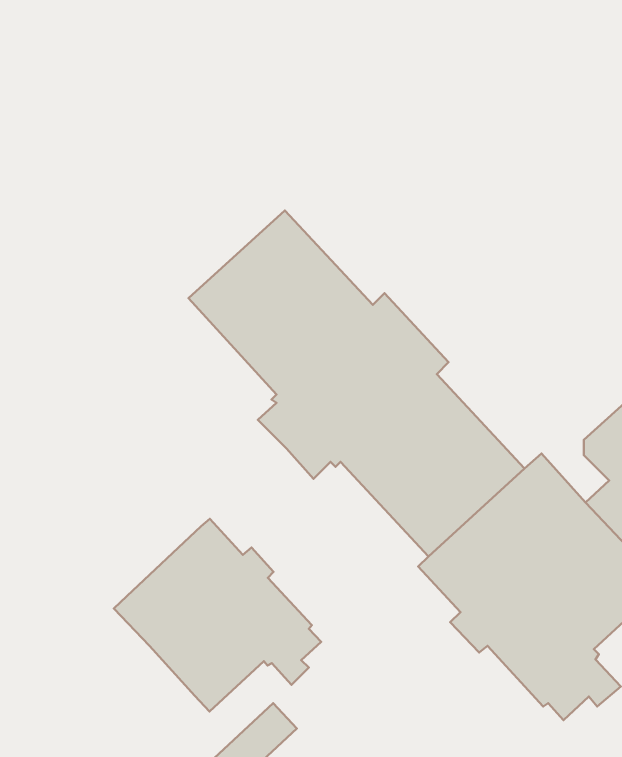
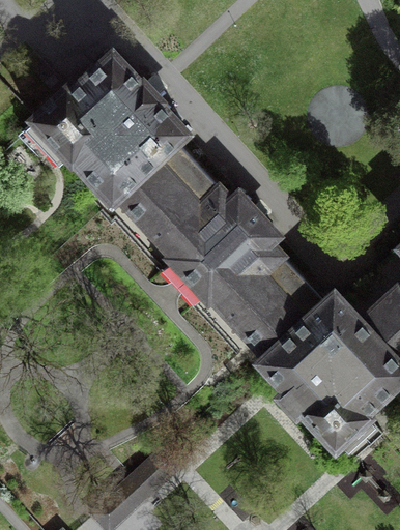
building: none -> [20,53,190,203]
building: [114,519,321,712] -> none

